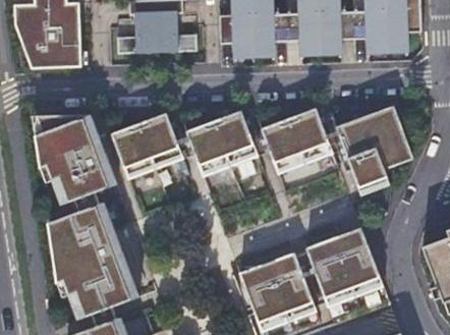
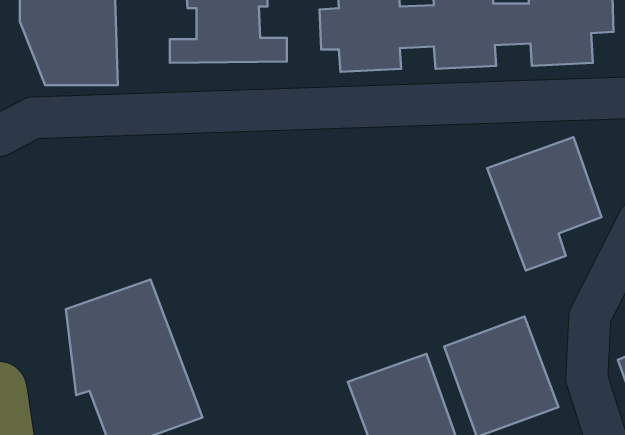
building: [261,107,334,175] -> none
building: [185,110,259,178] -> none
building: [110,112,183,180] -> none
building: [33,113,117,206] -> none

